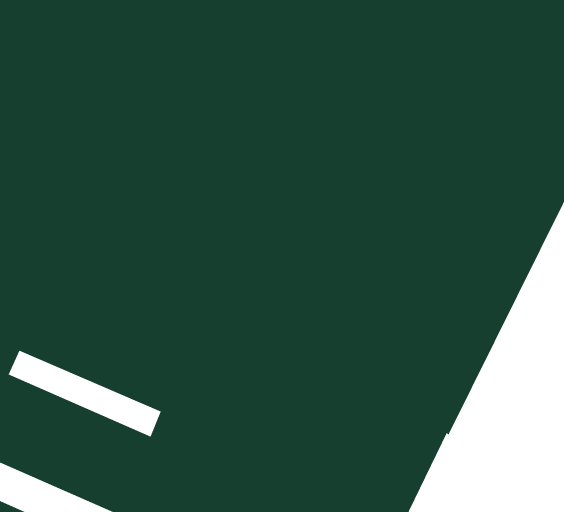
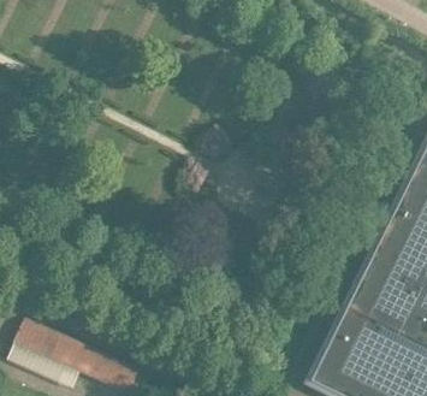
building: [8,350,161,438] -> none

